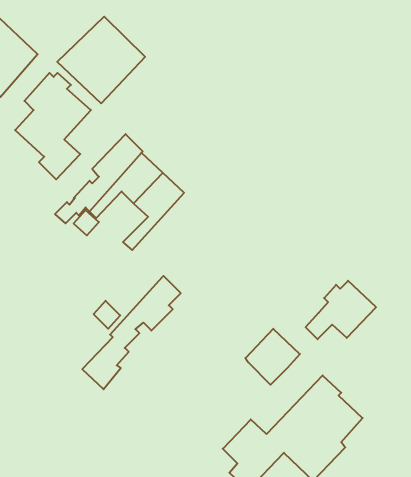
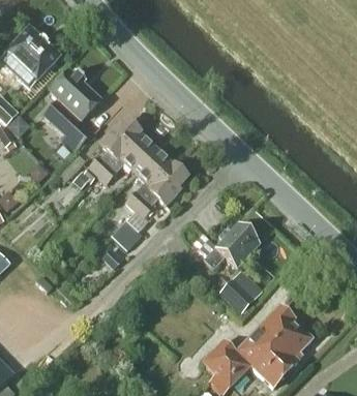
building: [57,17,145,103] -> none
building: [82,276,181,389] -> [111,162,187,250]
building: [306,281,376,339] -> [205,222,260,268]

